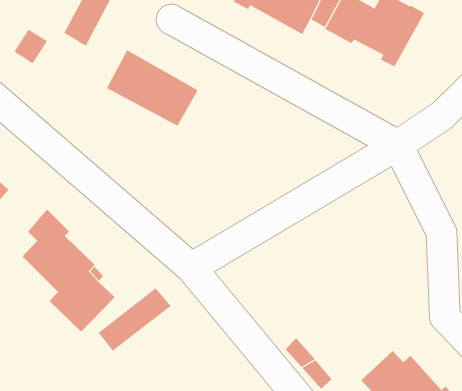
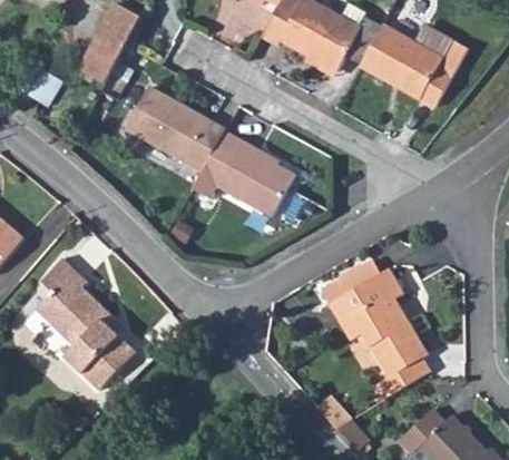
building: none -> [192,130,294,217]
building: none -> [321,260,429,389]
building: [98,288,172,352] -> none

